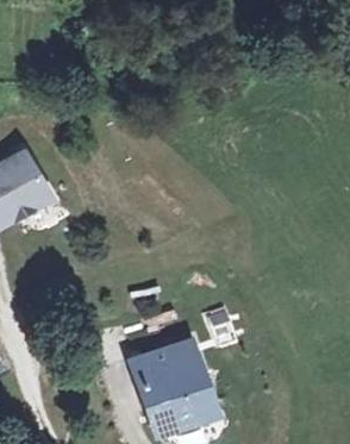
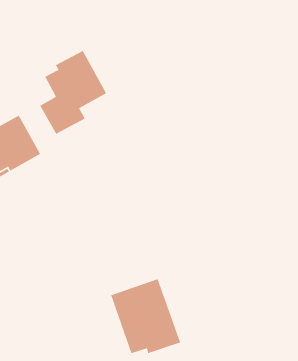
building: none -> [39,50,107,135]

